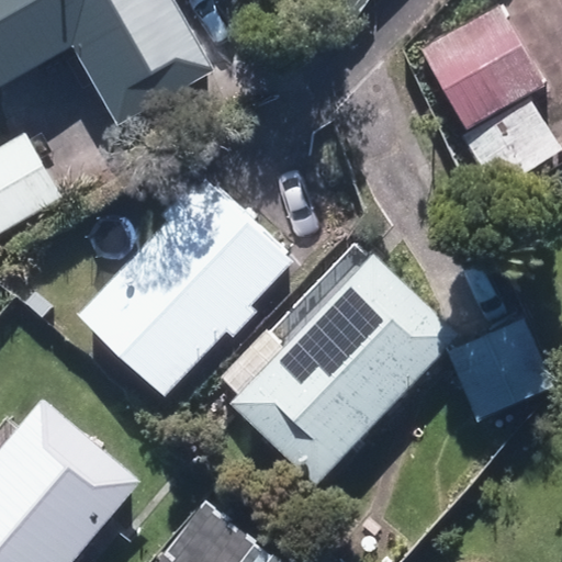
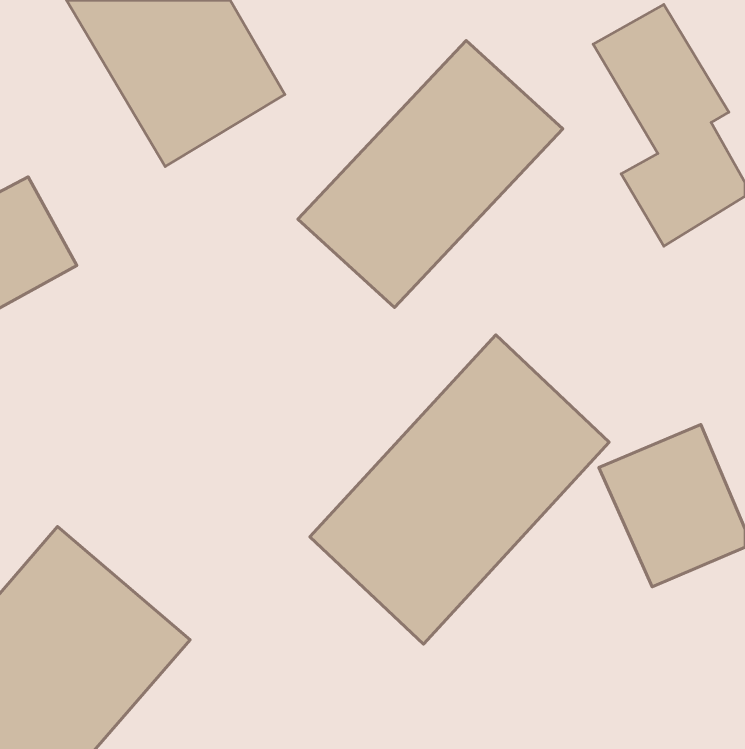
building: none -> [298,41,563,307]
building: [79,180,291,395] -> none

